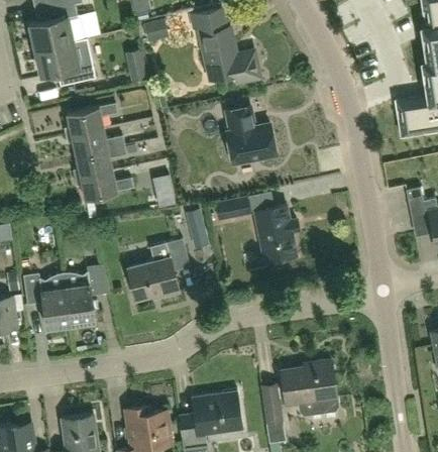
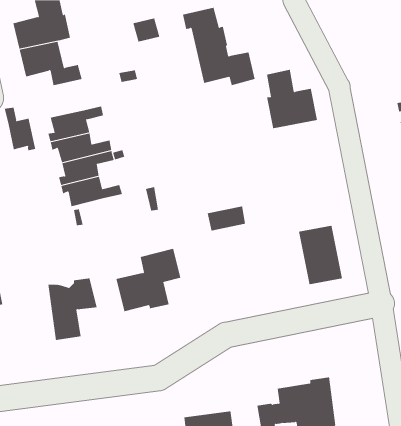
building: none -> [4,107,36,151]
building: [226,105,276,161] -> [266,69,318,129]
building: [254,207,297,263] -> [298,225,343,285]
building: [185,209,210,248] -> none
building: [23,272,70,329] -> none

